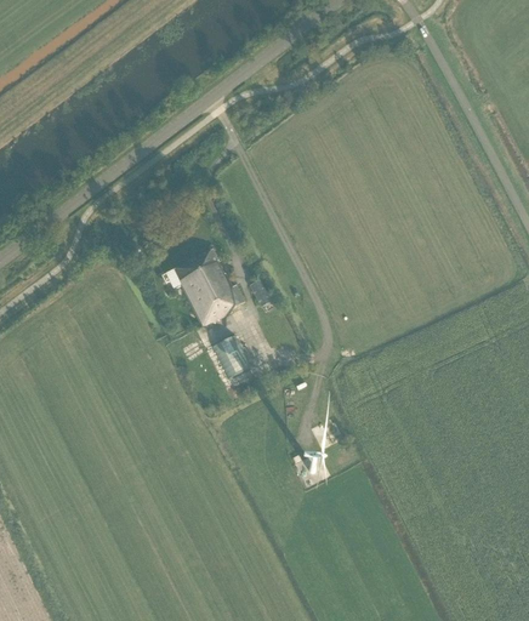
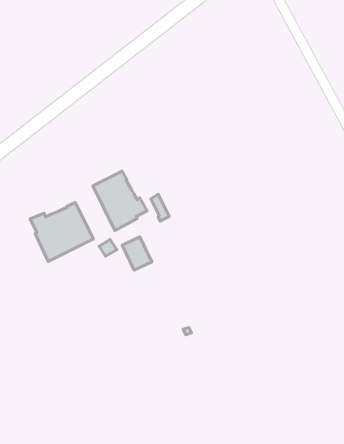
building: none -> [30,203,93,261]

